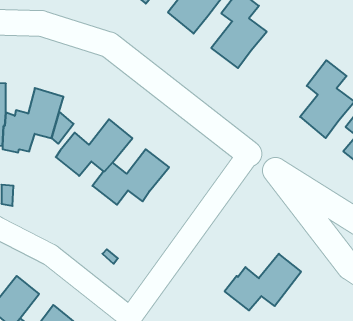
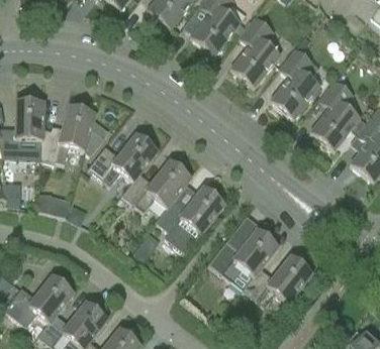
building: none -> [270,48,319,118]
building: none -> [155,187,224,253]
building: none -> [208,229,278,280]

